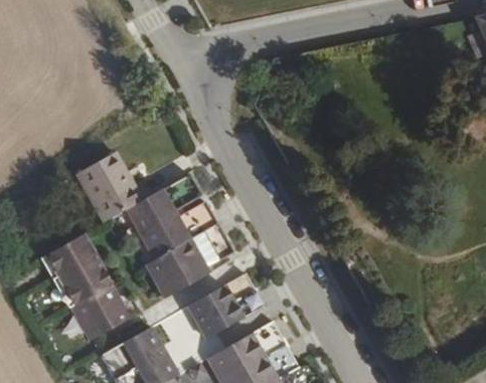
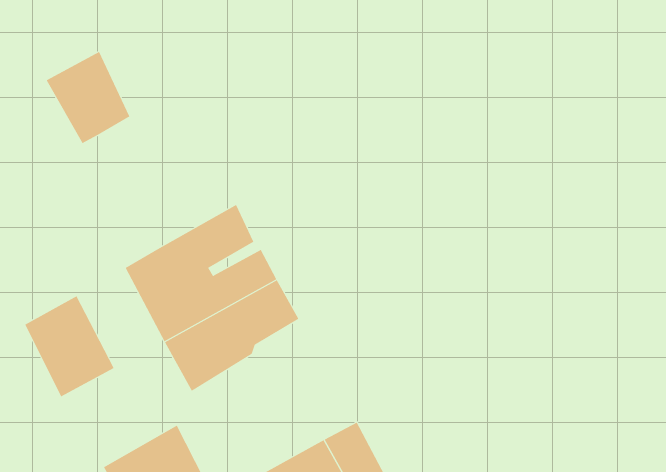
building: [70,156,129,220] -> [46,51,130,144]
building: [178,269,256,335] -> none
building: [62,283,117,338] -> none

